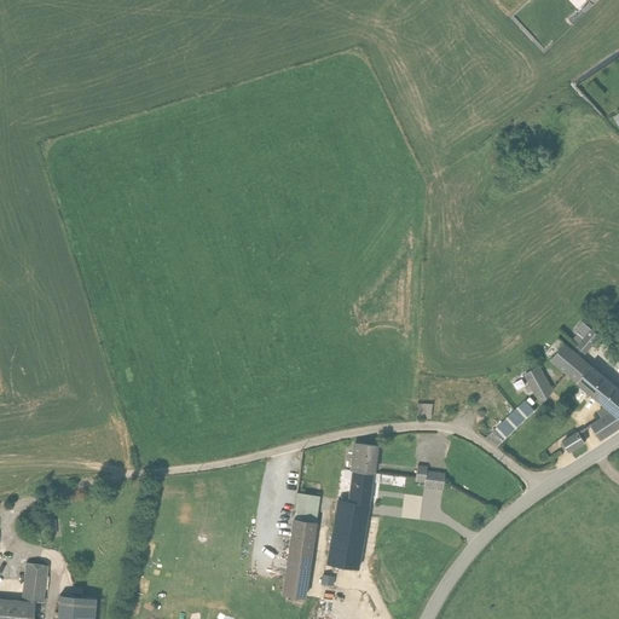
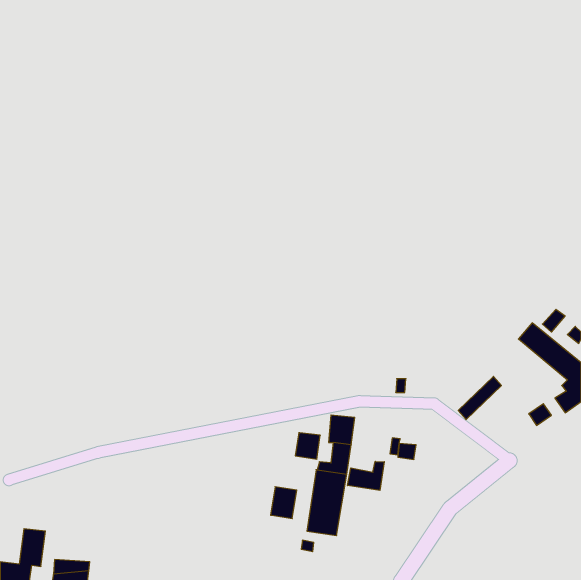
building: [523,365,554,400] -> none
building: none -> [348,461,384,490]
building: [293,494,319,522] -> [295,433,320,459]
building: [282,549,311,598] -> none

